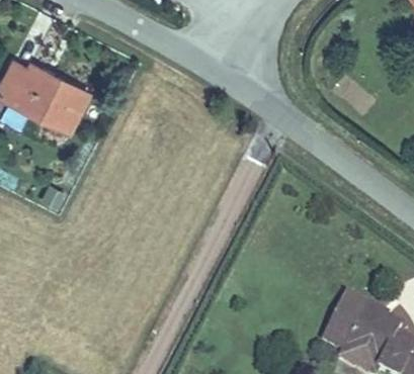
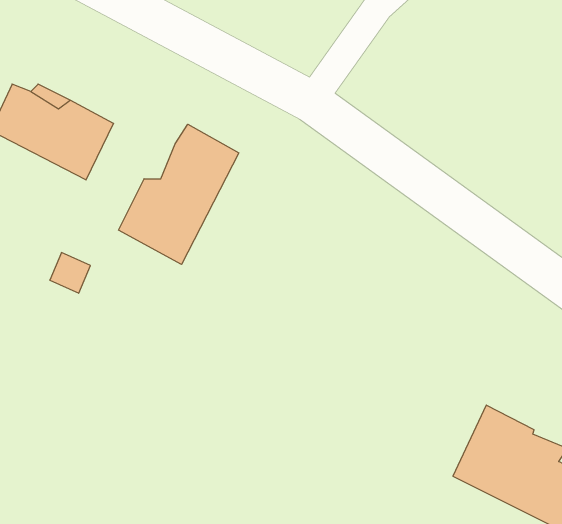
building: none -> [119,124,239,264]

